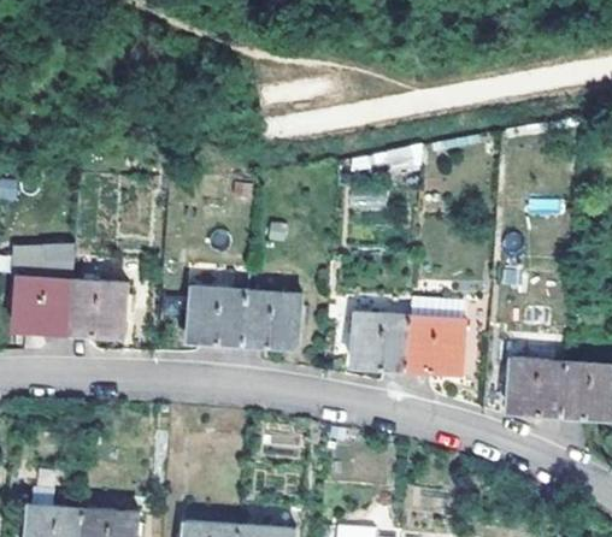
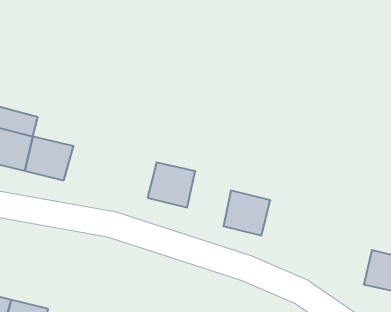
building: [190,282,251,338] -> none
building: [411,315,471,371] -> none
building: [507,358,566,412] -> none

